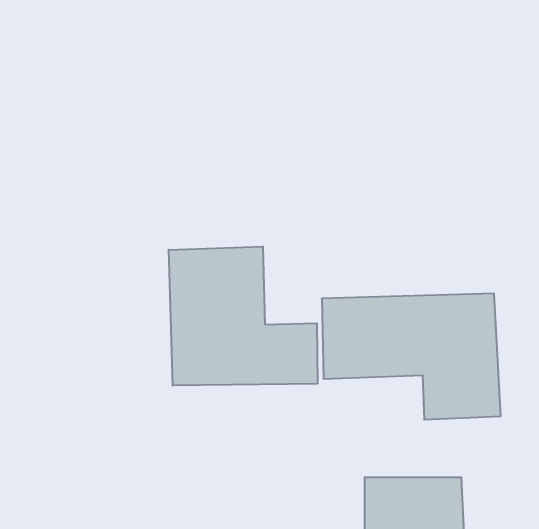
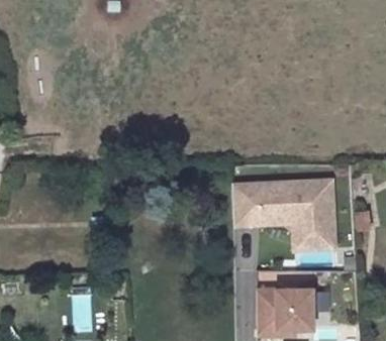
building: [169,246,317,386] -> none

